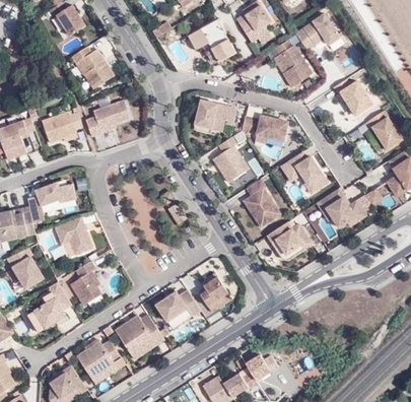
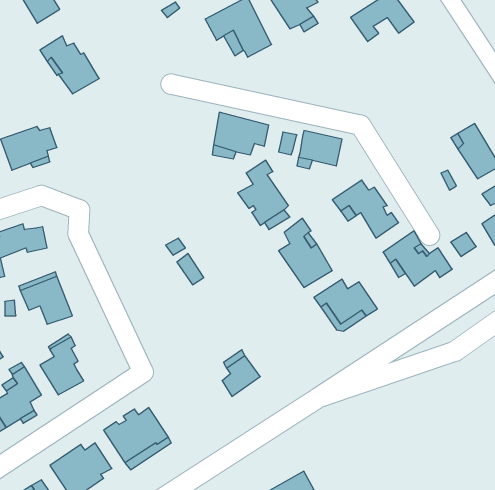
building: [272,41,310,88] -> none
building: [332,78,372,116] -> none
building: [85,99,131,137] -> none
building: [156,289,201,321] -> none

